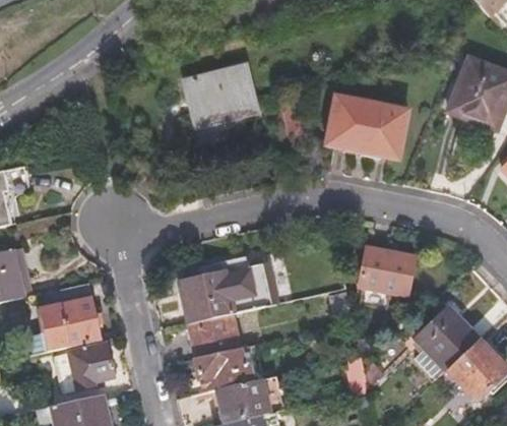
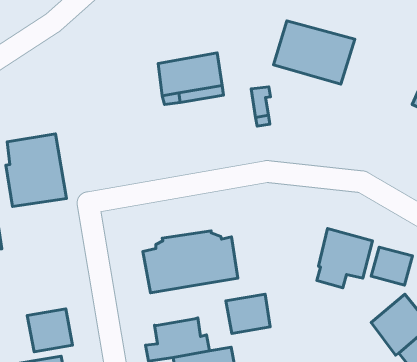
building: [327,97,410,160] -> [274,21,355,84]
building: none -> [371,247,412,285]
building: [40,272,105,351] -> [6,134,66,206]
building: [188,314,236,357] -> [226,294,270,333]

